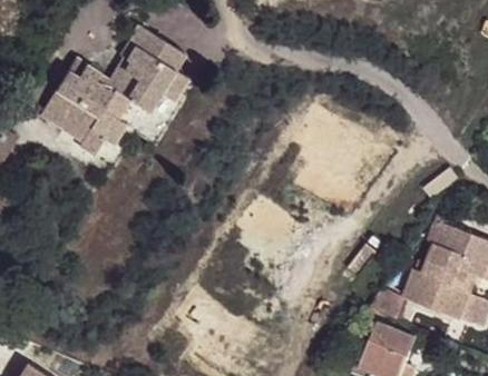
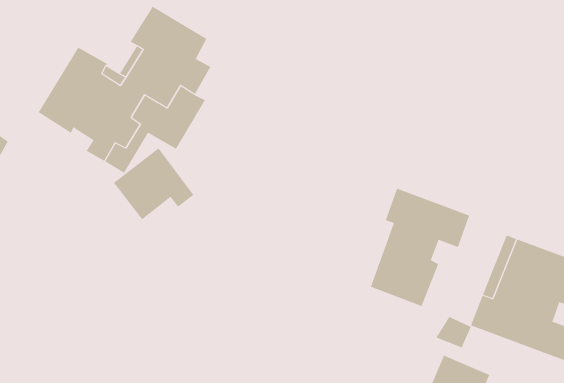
building: none -> [113,147,194,220]
building: none -> [370,188,470,307]

